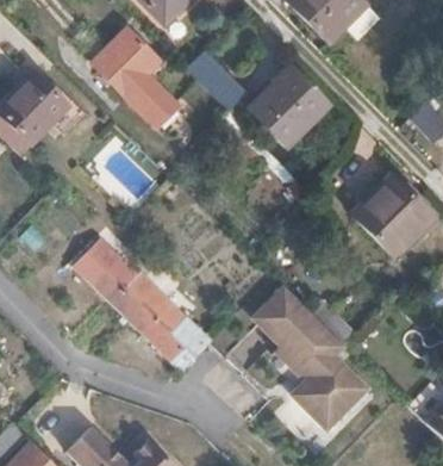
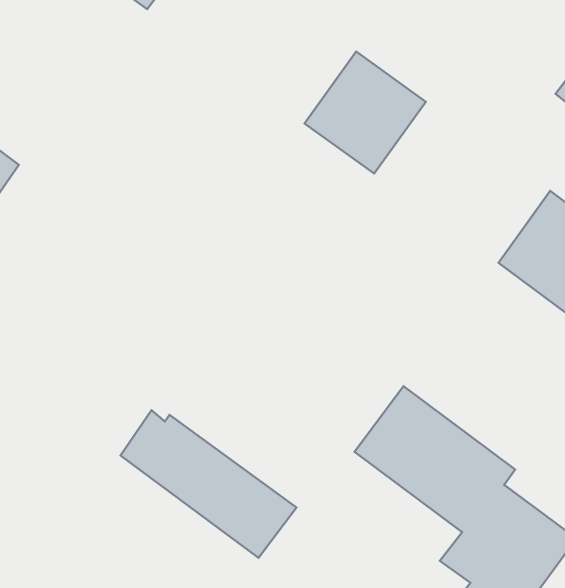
building: [93,30,176,125] -> none
building: [186,49,237,101] -> none
building: [74,243,125,296] -> none

